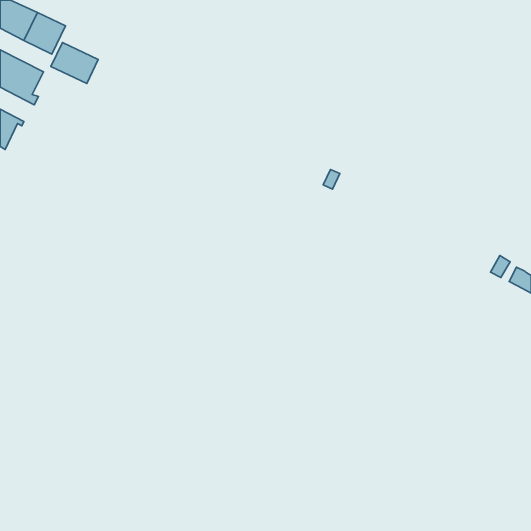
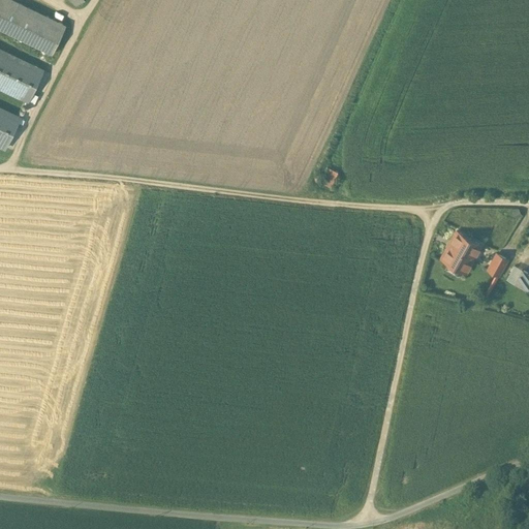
building: [51,42,98,84] -> none
building: none -> [441,231,481,273]

